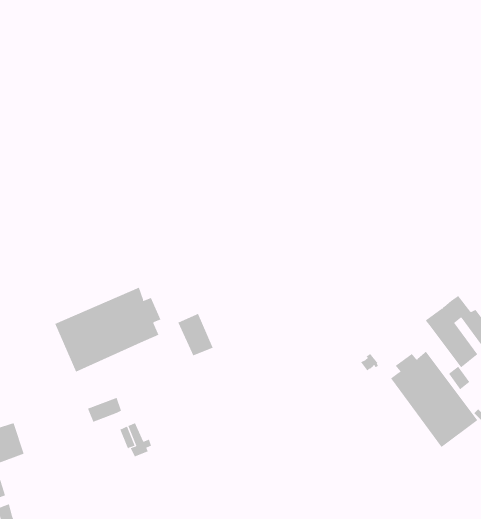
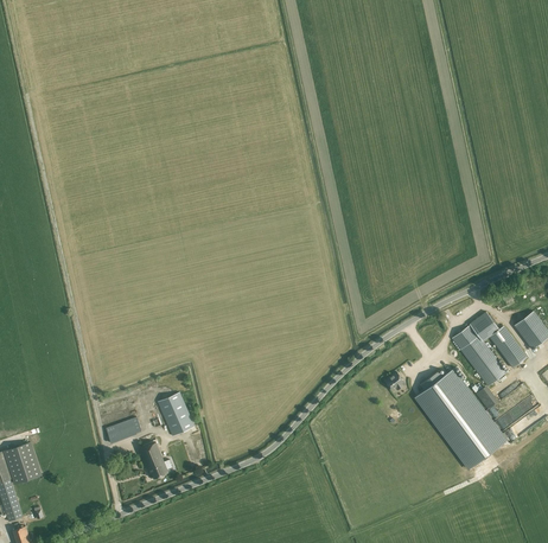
building: [55,287,161,372] -> none
building: [178,313,214,356] -> [157,391,193,435]

